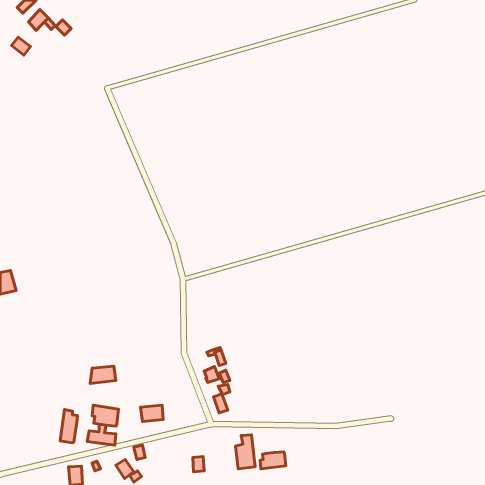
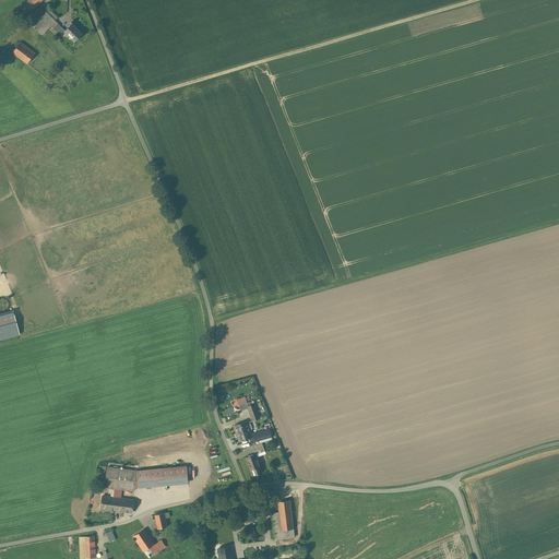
building: [90,366,116,383] -> [134,468,164,488]
building: [60,409,78,443] -> none
building: [260,452,286,469] -> none

